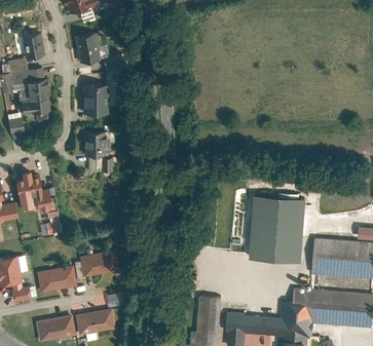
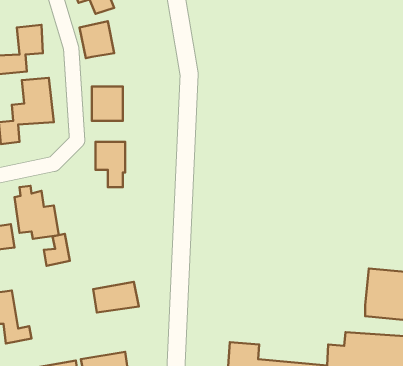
building: [250,196,307,261] -> none
building: [38,261,85,292] -> none

